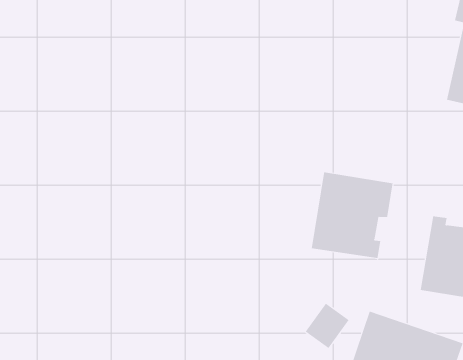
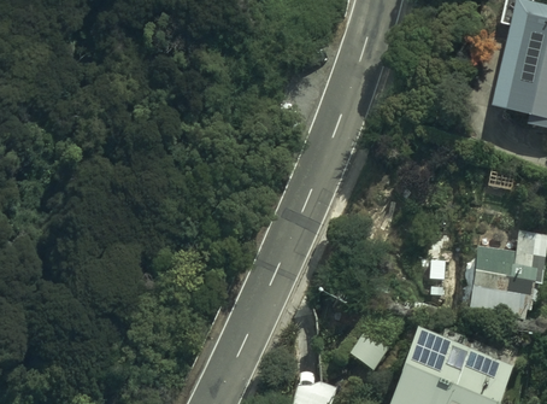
building: [311,171,393,259] -> none

